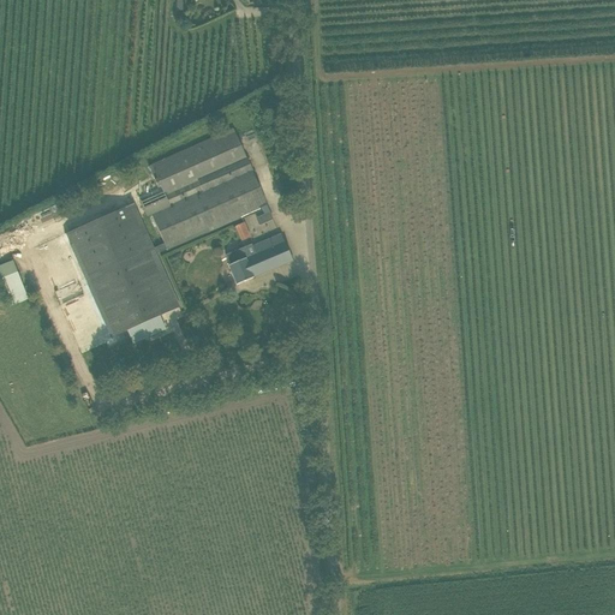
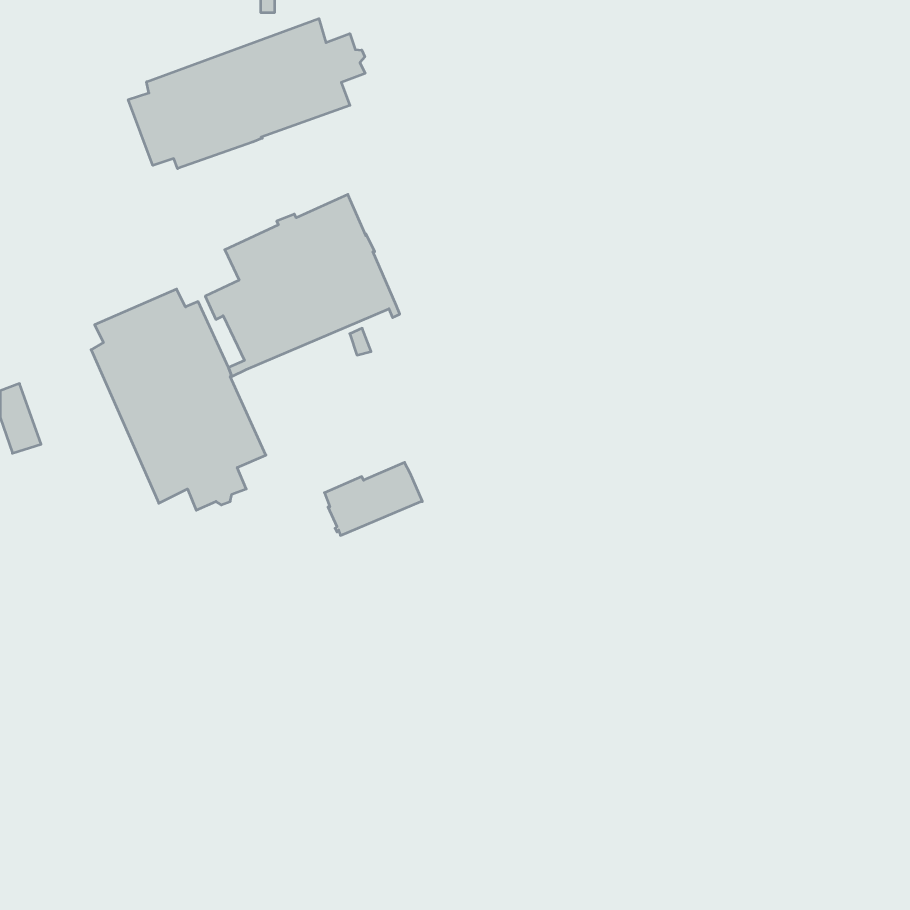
building: none -> [128,19,365,169]
building: [227,234,293,283] -> [324,462,422,535]

